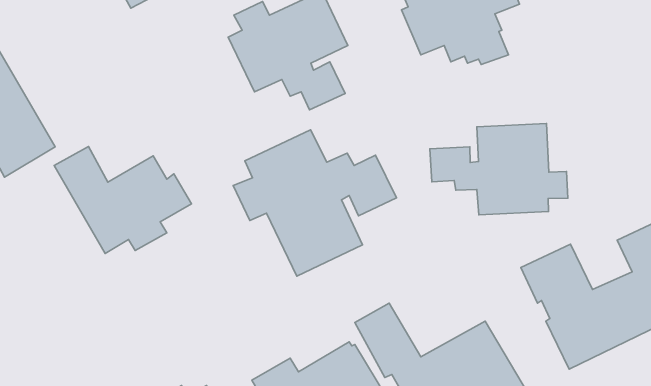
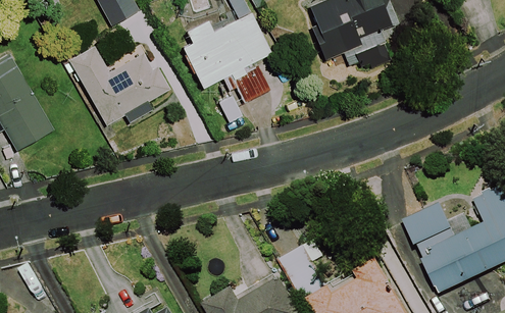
building: [430,123,568,215] -> none
building: [233,130,396,276] -> none
building: [54,146,192,253] -> [69,45,171,124]

